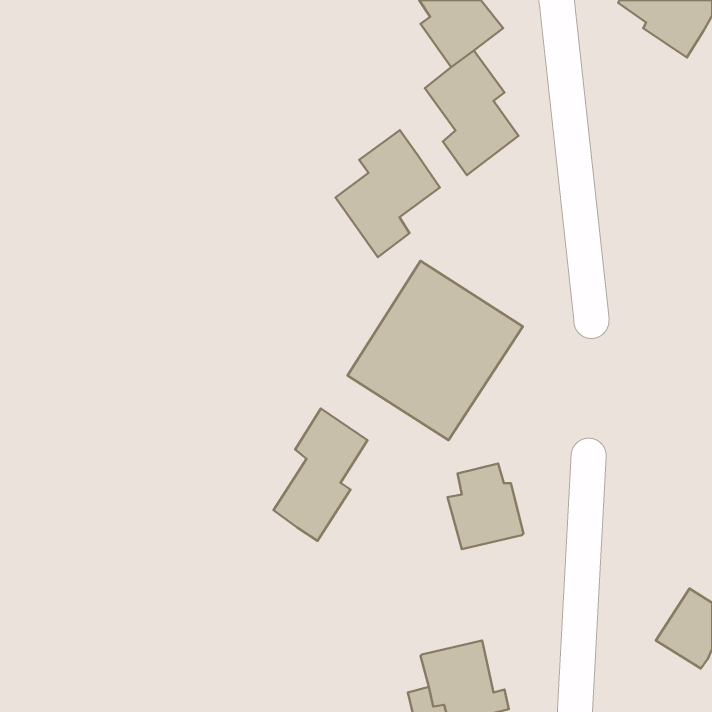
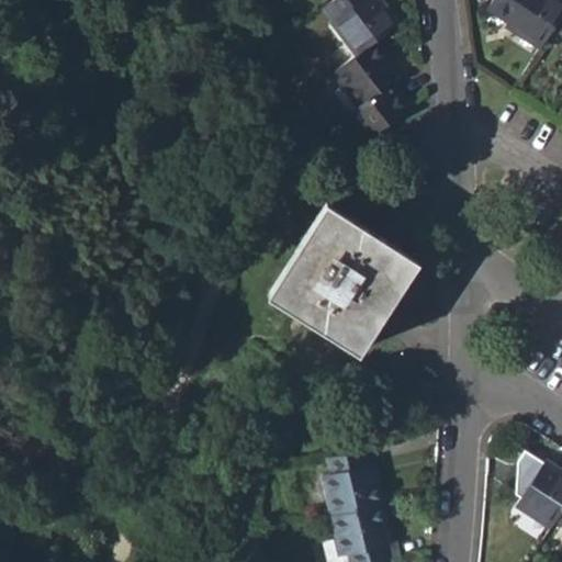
building: [335,130,440,257] -> none
building: [273,409,368,541] -> none
building: [448,464,523,549] -> [319,449,379,516]

